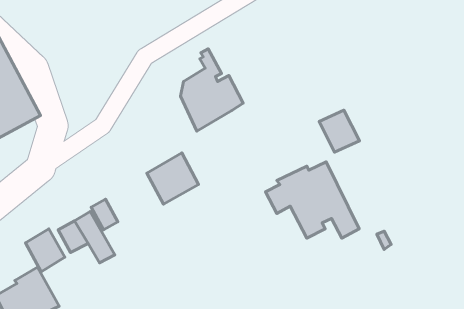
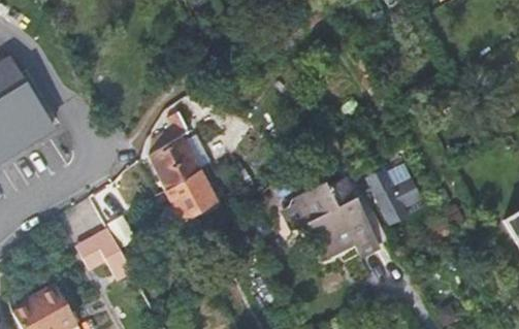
building: [180,49,243,131] -> [148,107,210,190]
building: [319,110,359,152] -> [376,180,416,223]
building: [25,229,65,272] -> none

